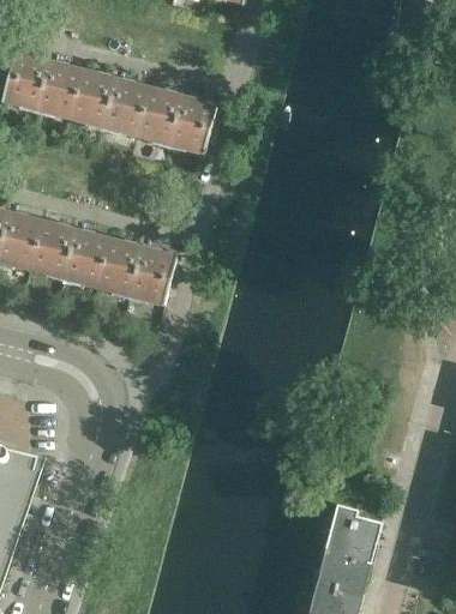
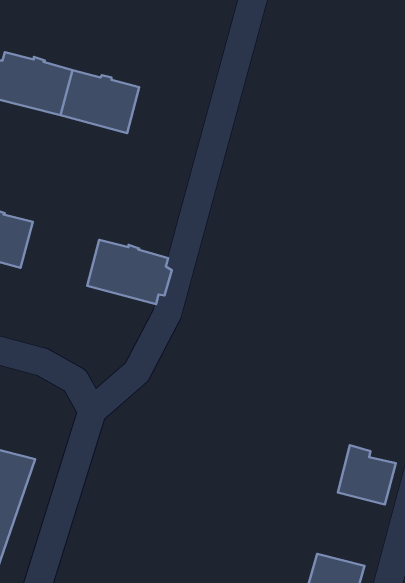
building: [136,89,220,152] -> none
building: [30,222,108,285] -> none
building: [324,504,382,562] -> [338,445,396,504]

